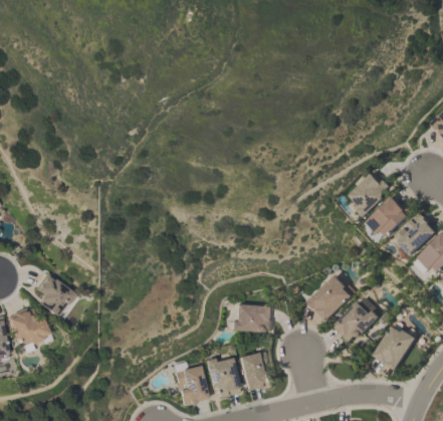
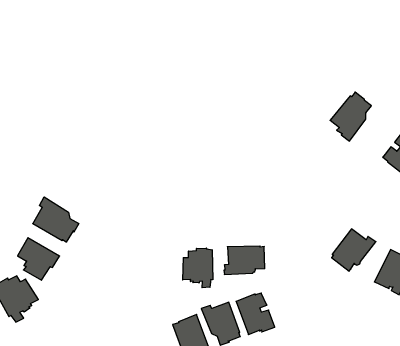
building: [367,195,410,235] -> none
building: none -> [33,197,79,242]
building: [308,274,356,320] -> none
building: none -> [183,248,213,288]

